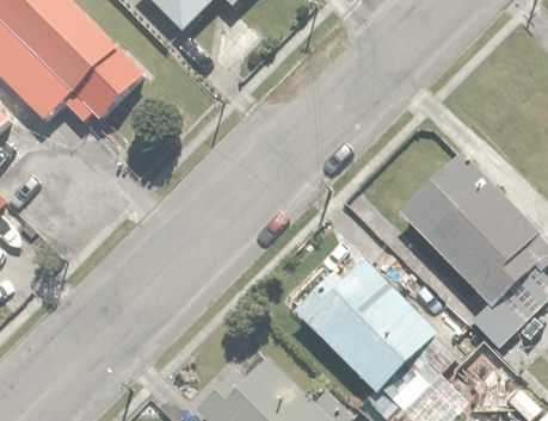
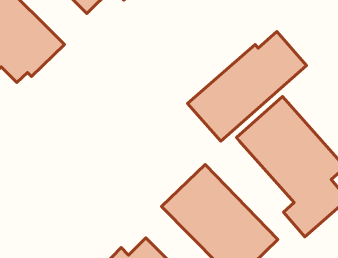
building: none -> [187,32,307,141]

